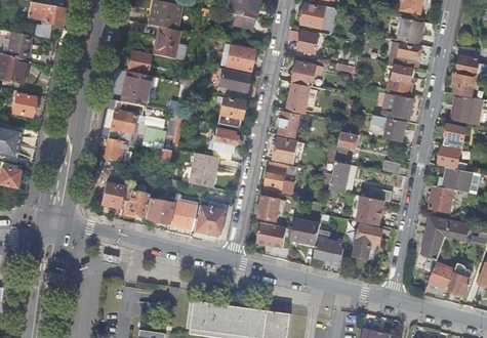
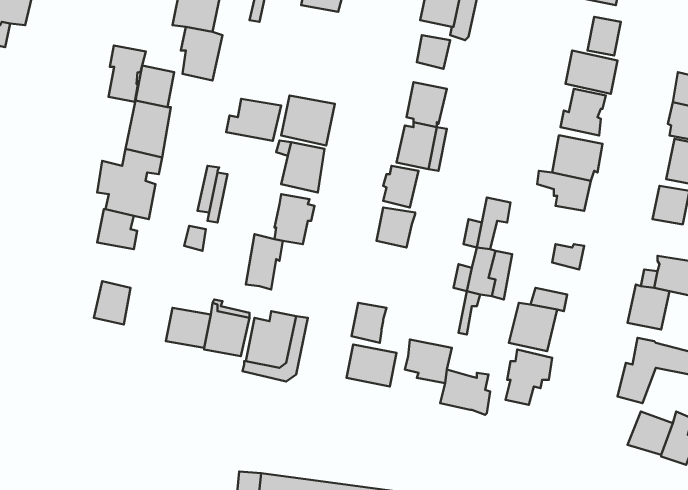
building: none -> [109,46,146,102]
building: [219,45,253,71] -> [226,99,281,141]
building: [437,143,460,167] -> none
building: [265,161,294,194] -> none
building: [119,183,147,215] -> none

